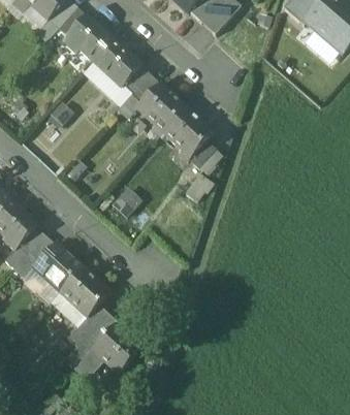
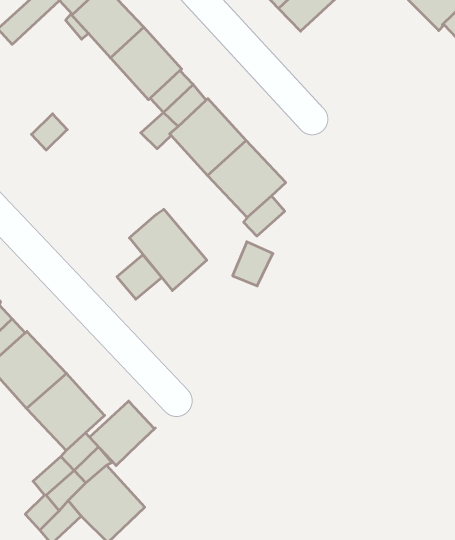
building: none -> [129,209,207,291]
building: none -> [90,401,155,466]

